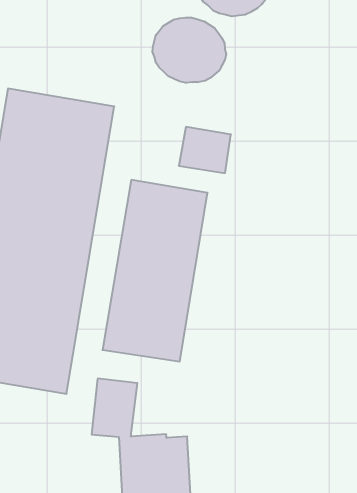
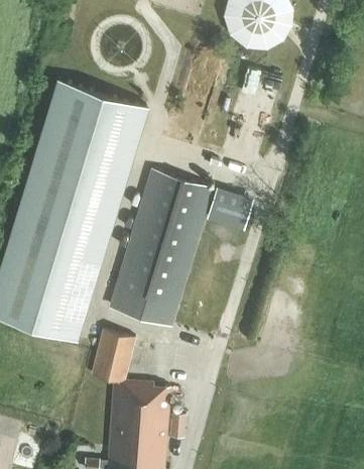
building: [153,18,226,83] -> none
building: [179,127,231,173] -> [206,190,252,232]

